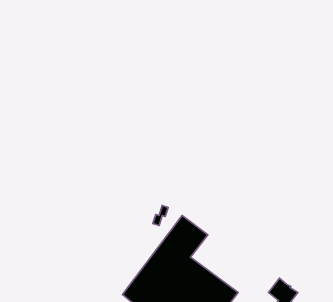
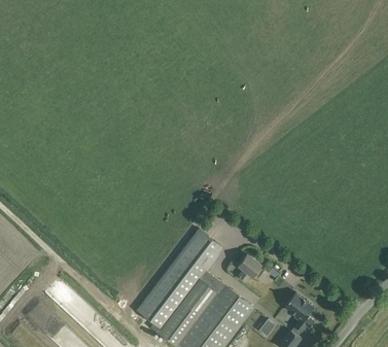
building: none -> [237,254,261,283]

